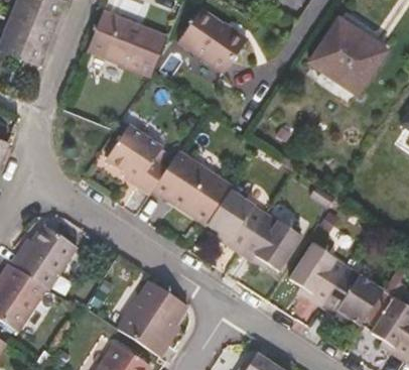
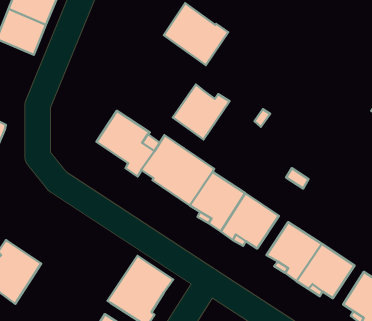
building: [87,10,167,77] -> none
building: [311,21,384,94] -> none
building: none -> [173,84,230,140]
building: [10,224,78,289] -> none

